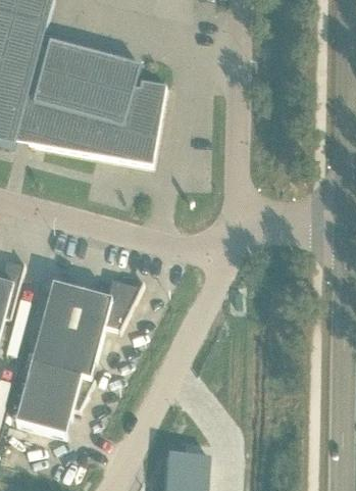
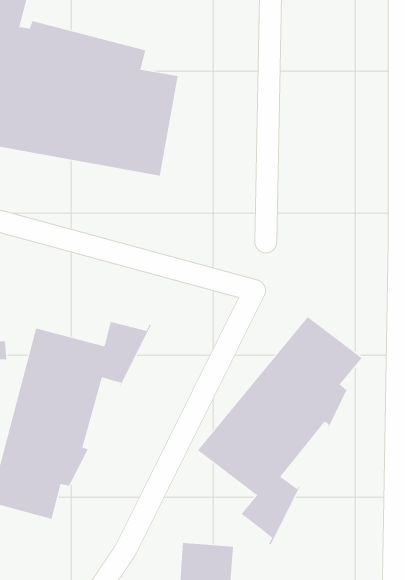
building: none -> [197,316,362,545]

